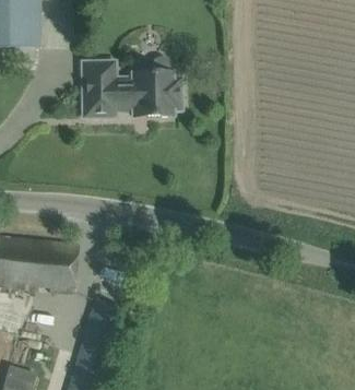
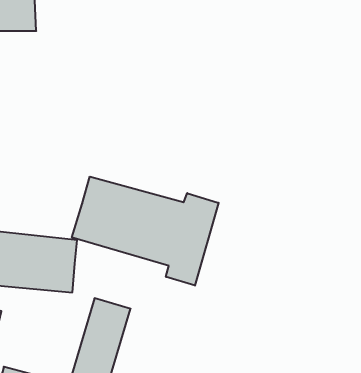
building: [82,61,180,116] -> none
building: none -> [72,177,219,286]

